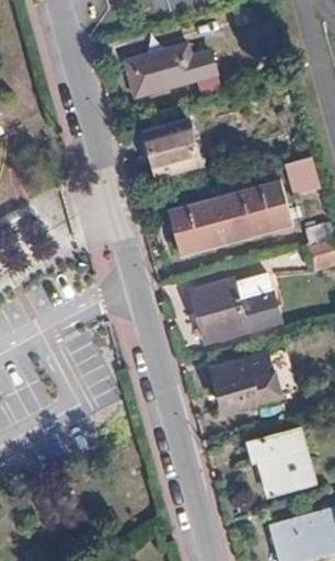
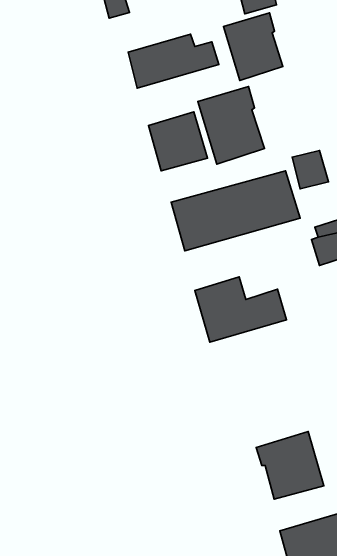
building: none -> [223,13,283,81]
building: none -> [198,87,265,164]
building: [211,356,282,415] -> none

